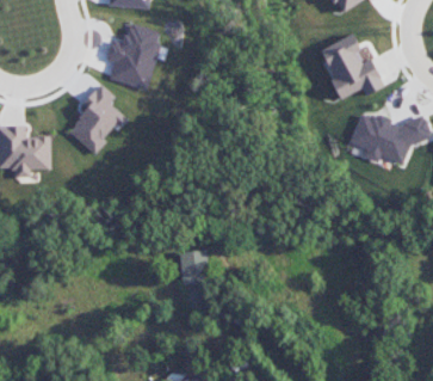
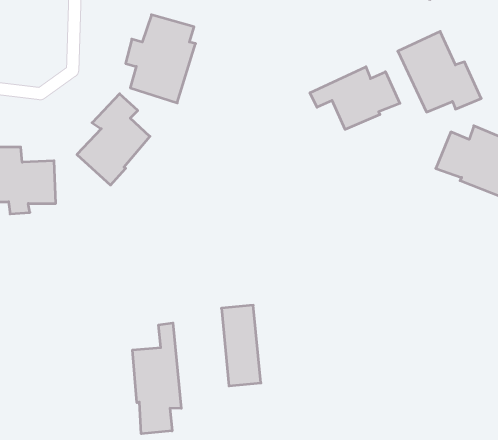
building: none -> [310,67,400,129]
building: none -> [133,323,181,434]

